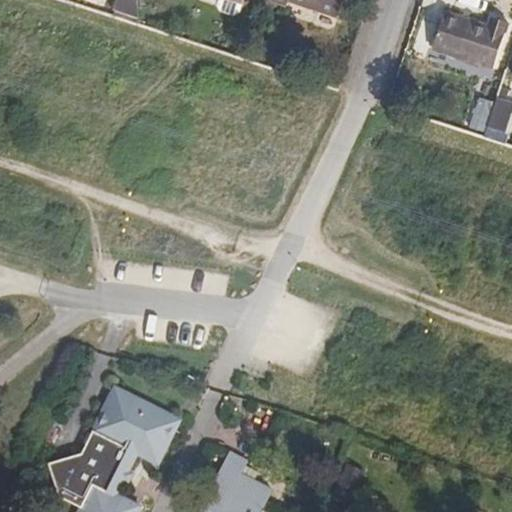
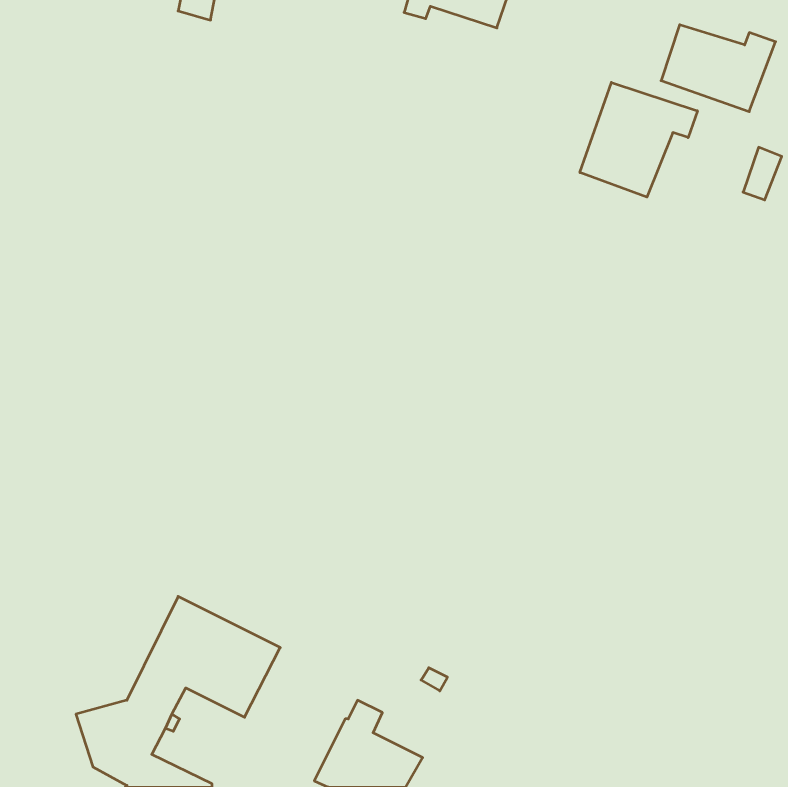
building: none -> [580,82,697,197]

